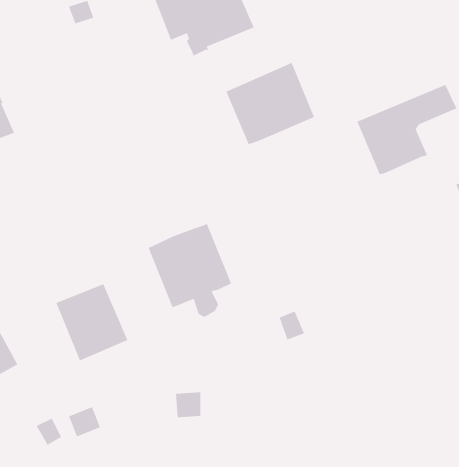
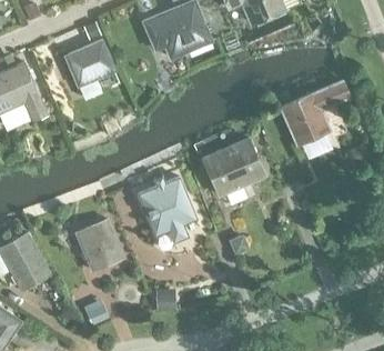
building: none -> [64,41,115,87]
building: [226,62,315,145] -> [203,138,264,194]

